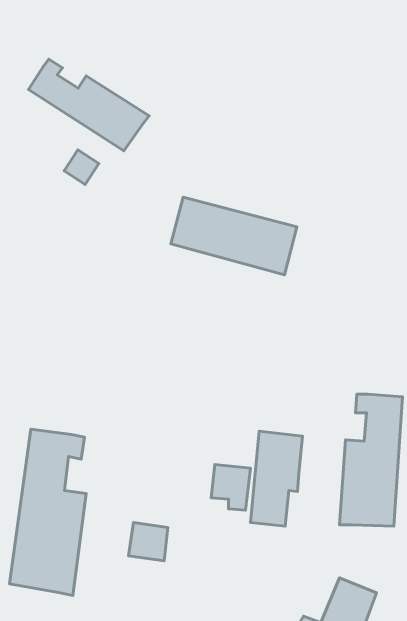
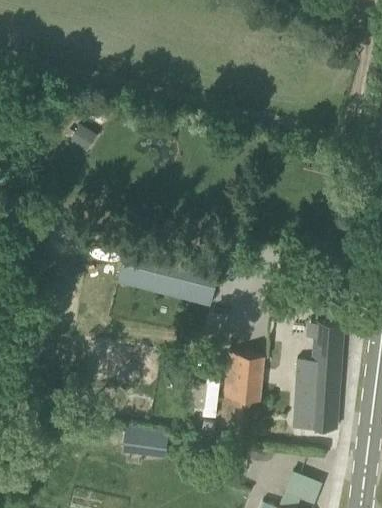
building: [29,59,149,151] -> none
building: [171,197,297,275] -> [118,244,220,307]
building: [9,429,86,596] -> none

